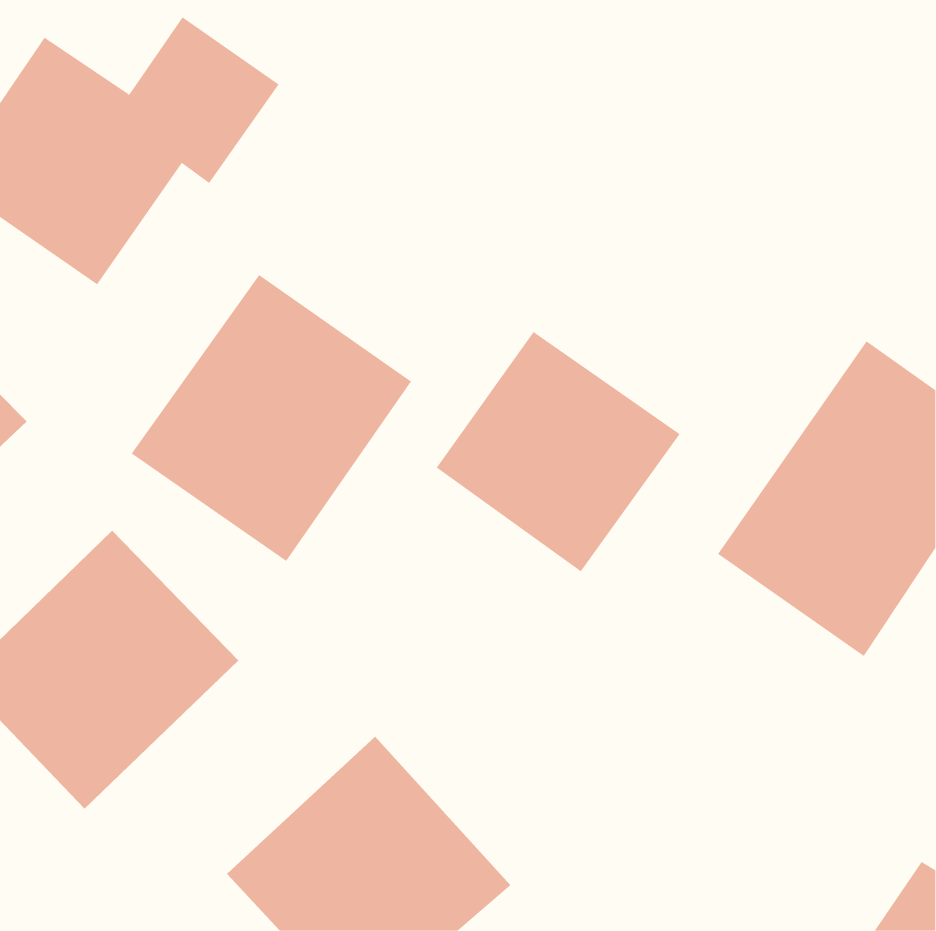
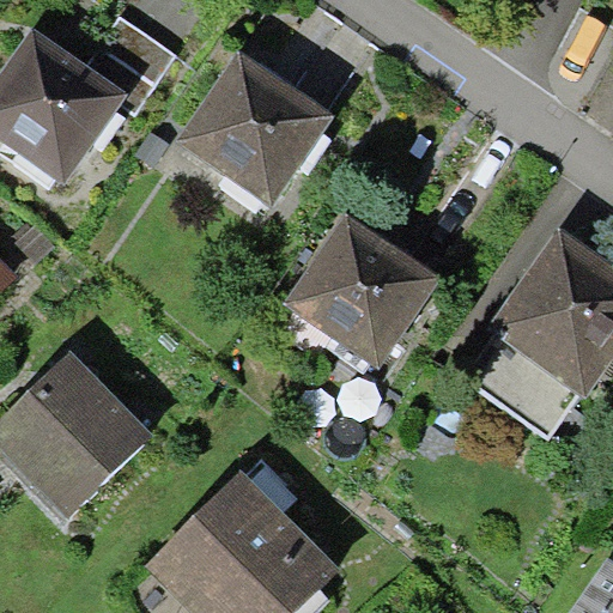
building: none -> [175,51,333,208]
building: [131,274,412,562] -> none

